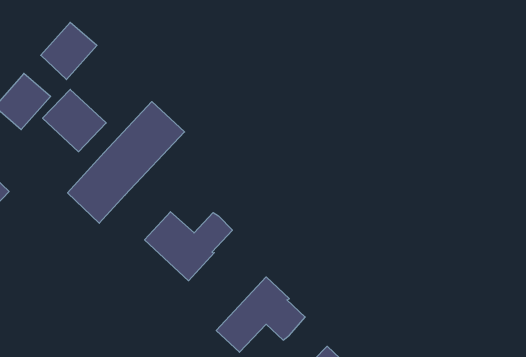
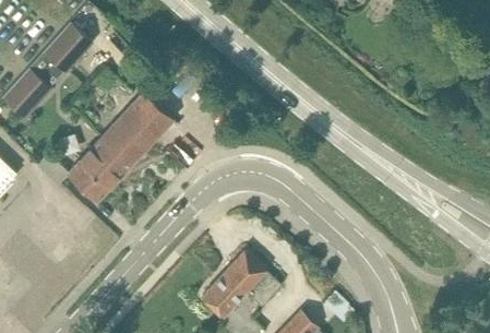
building: [43,89,106,152] -> none
building: [145,212,232,281] -> none

